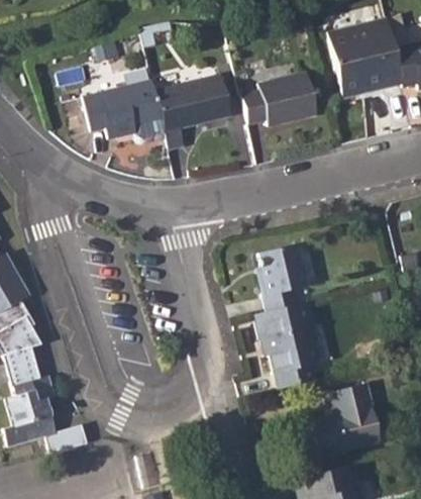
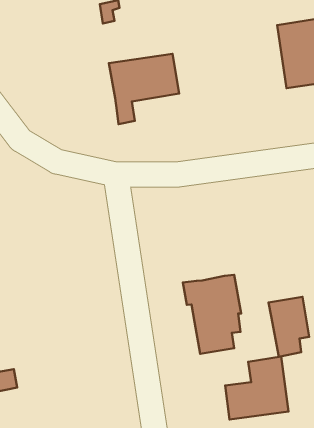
building: [242,70,317,127] -> none
building: [83,79,164,138] -> none
building: [257,244,304,310] -> [269,297,309,357]

